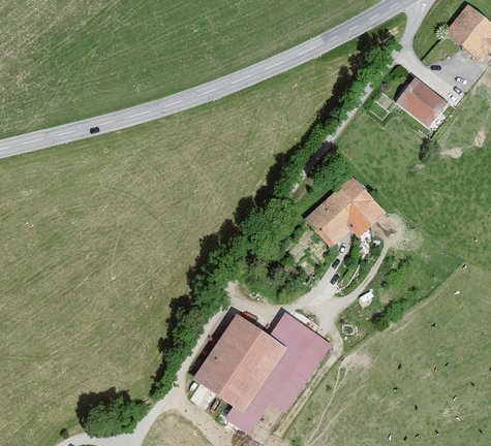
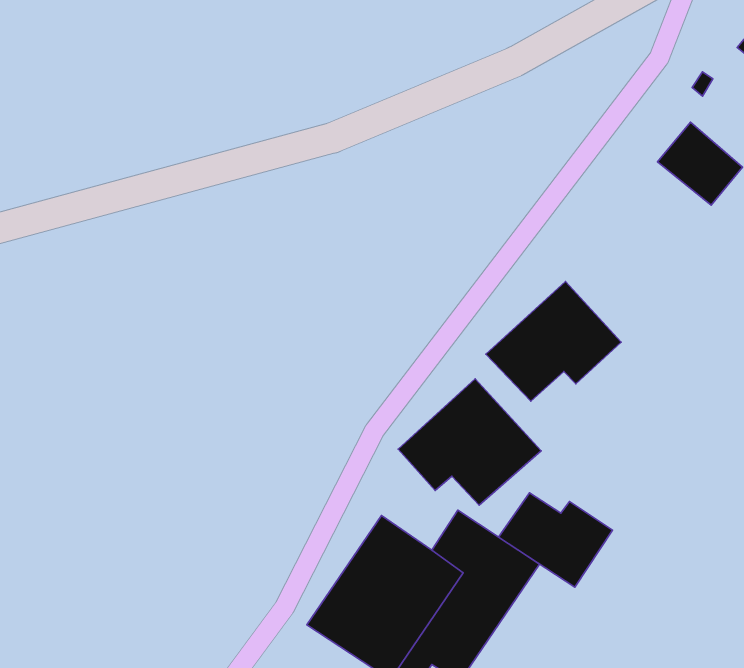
building: none -> [398,379,541,505]
building: none -> [499,493,613,587]

